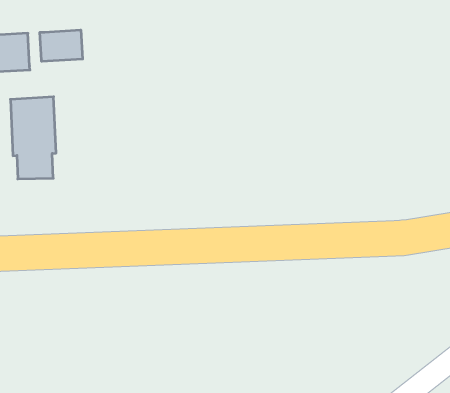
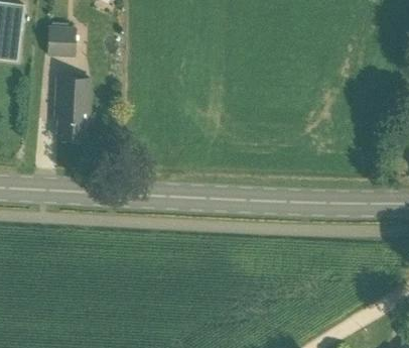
building: [40,30,83,61] -> none

